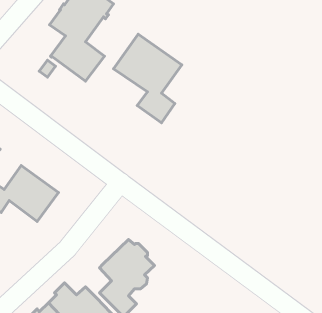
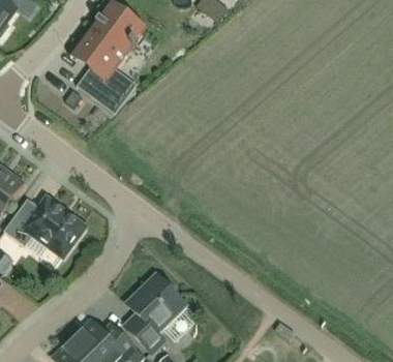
building: [114,34,182,123] -> none

